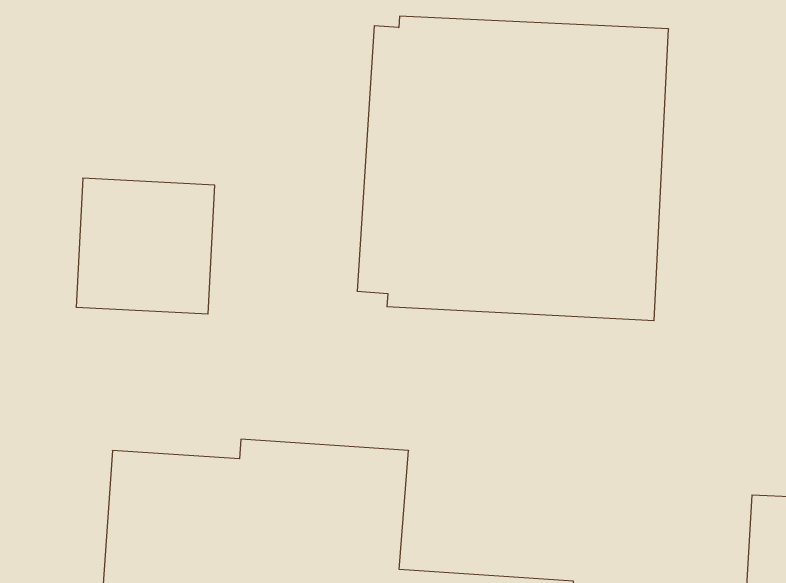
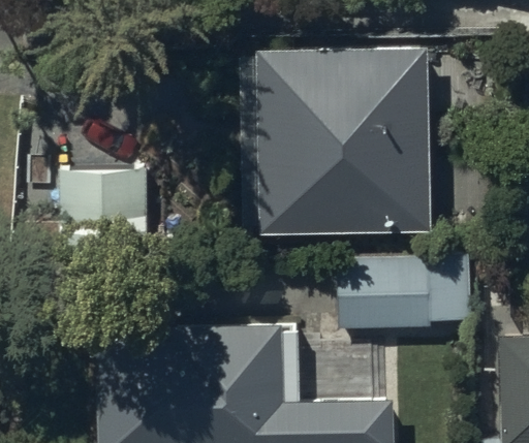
building: none -> [336,245,471,330]

